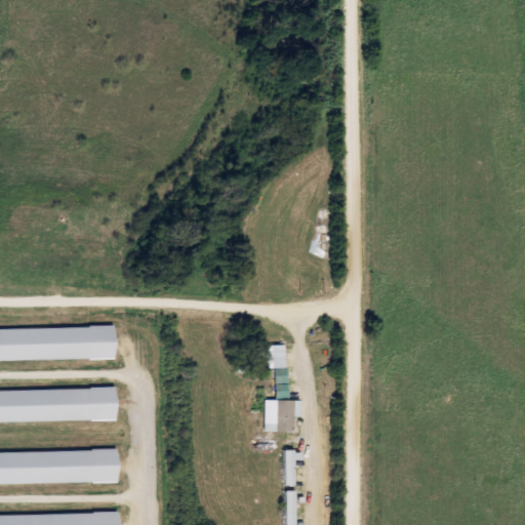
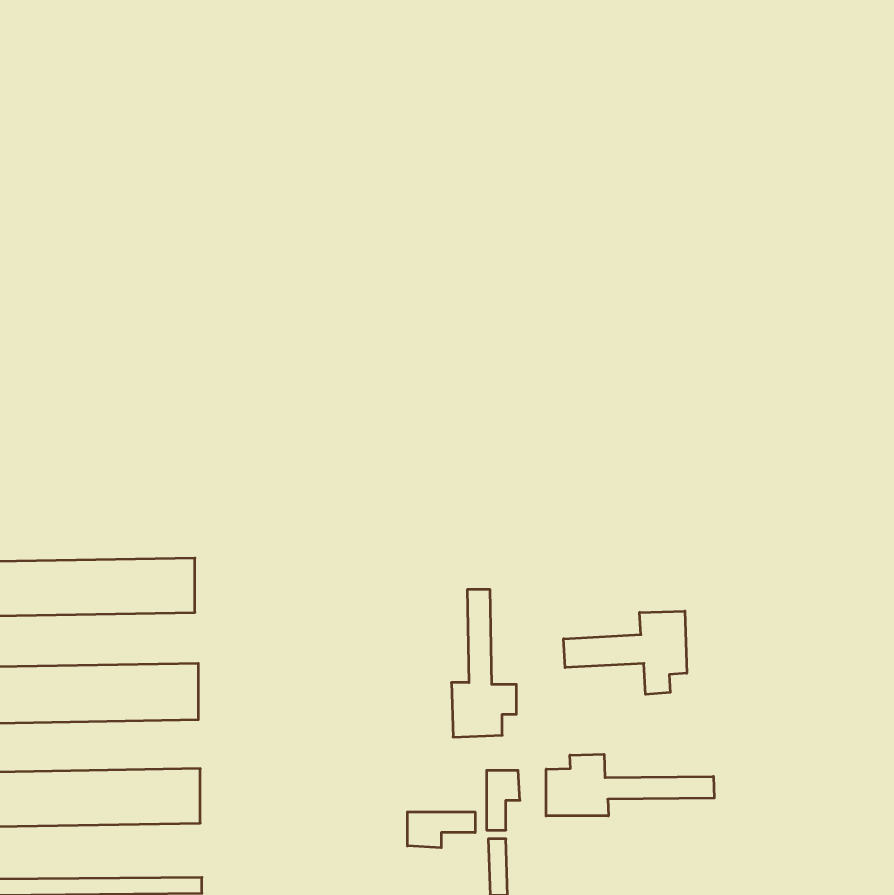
building: none -> [564,611,687,694]
building: none -> [546,754,714,816]
building: none -> [407,812,475,848]

